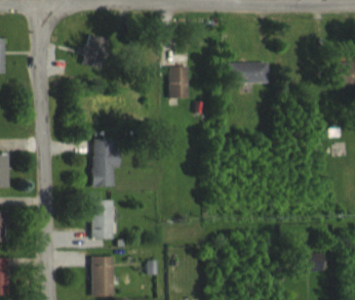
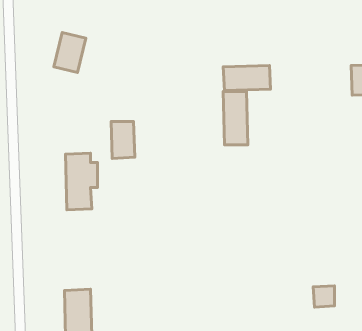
building: [169,67,190,98] -> [111,122,135,158]
building: none -> [223,91,248,145]
building: [91,200,114,239] -> none

